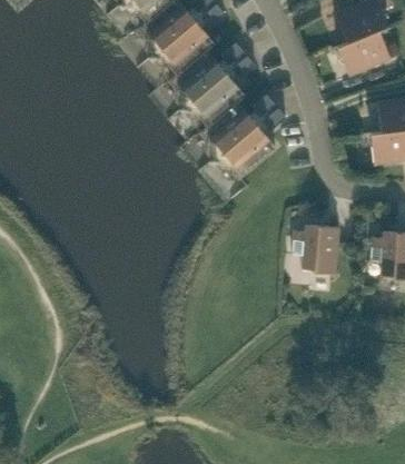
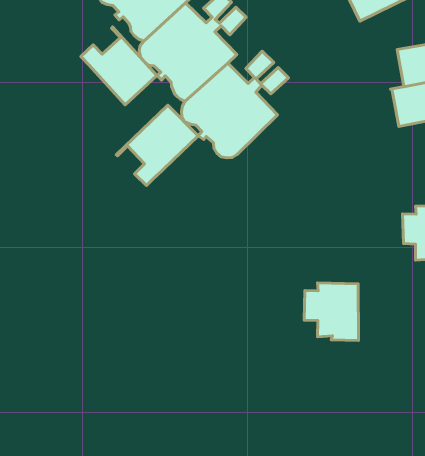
building: none -> [81,27,157,105]
building: none -> [116,105,198,186]
building: [293,225,339,275] -> [304,283,358,341]

